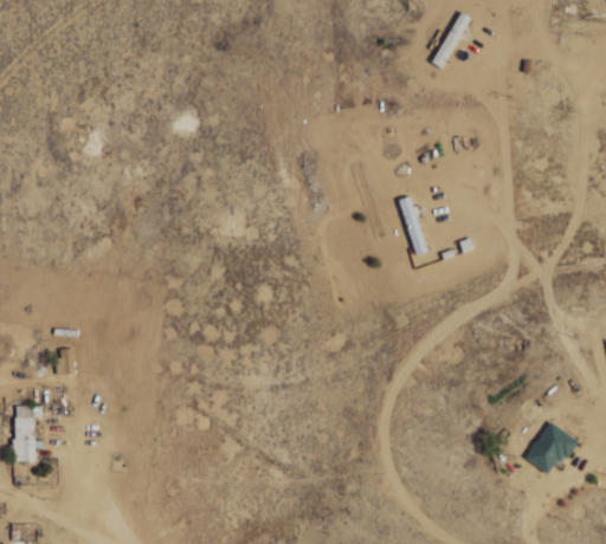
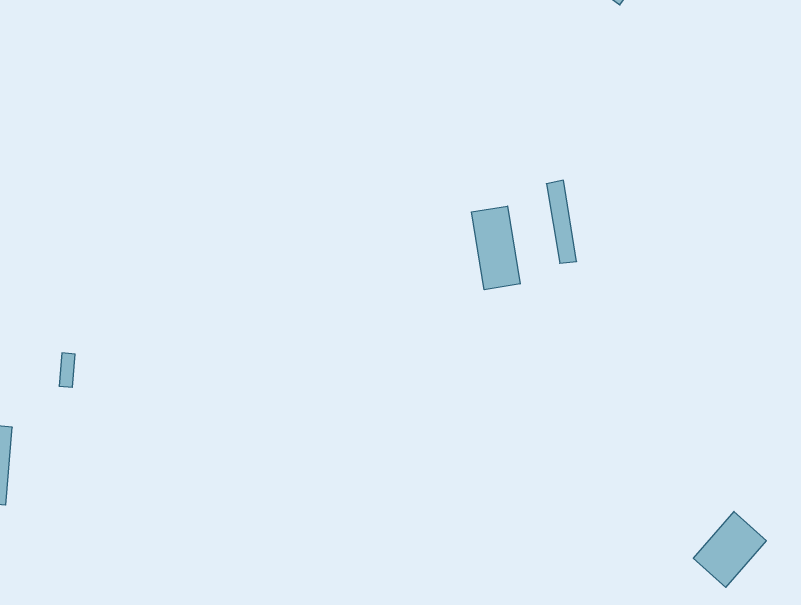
building: none -> [472,206,520,290]

